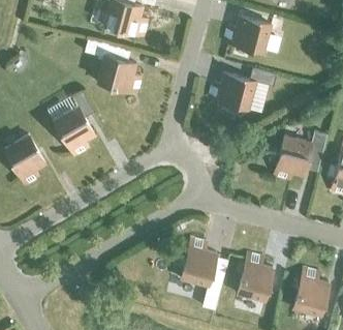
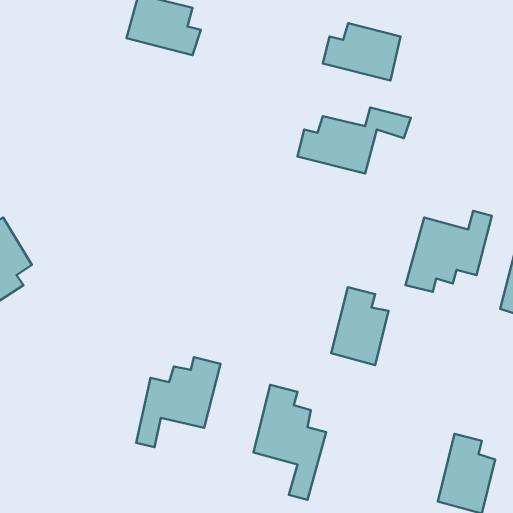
building: [97,55,142,93] -> none
building: [54,92,95,157] -> none
building: none -> [136,357,220,447]
building: [238,253,273,301] -> [331,287,389,365]

